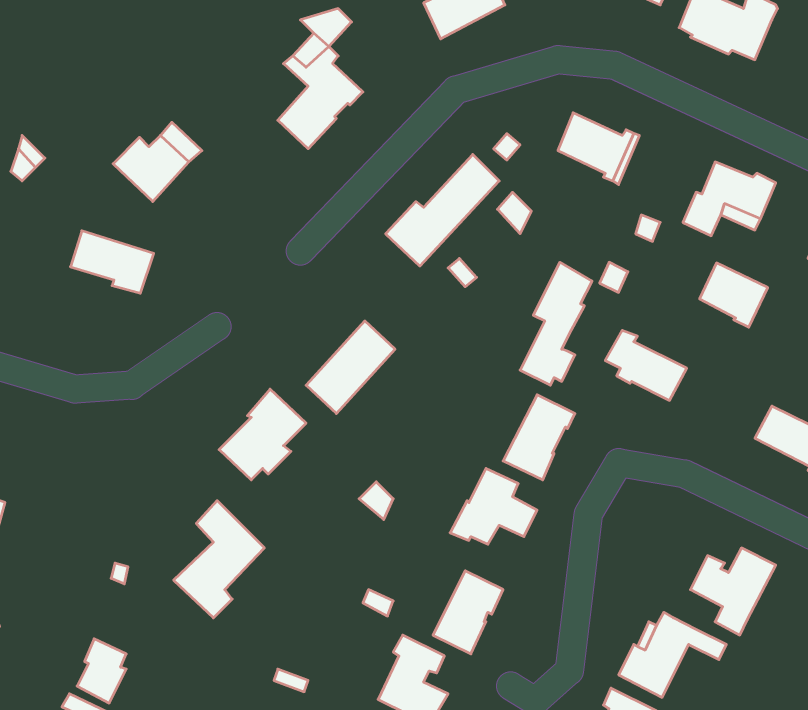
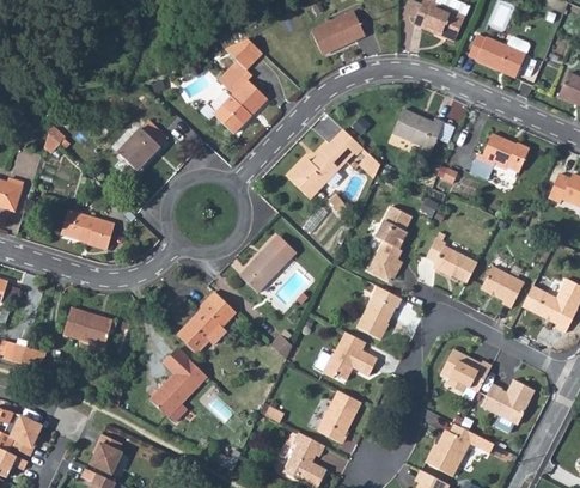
building: [70,231,154,293] -> [61,216,114,256]
building: [700,263,768,327] -> [480,269,523,310]
building: none -> [65,300,114,340]
building: none -> [438,350,488,395]

